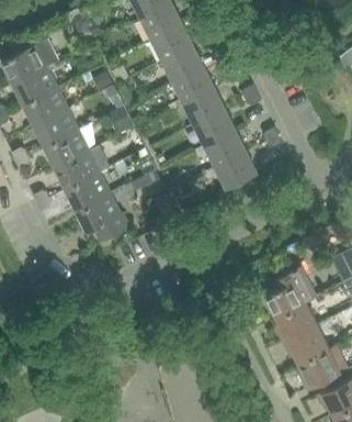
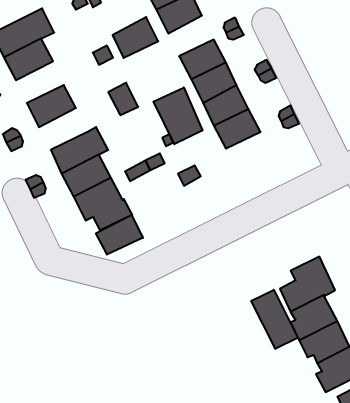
building: [162,45,204,82] -> [113,17,158,58]
building: [23,87,67,125] -> none
building: none -> [154,87,202,144]
building: [44,130,89,168] -> none
building: [215,152,258,189] -> none
building: none -> [96,215,143,255]
building: none -> [251,290,298,349]

